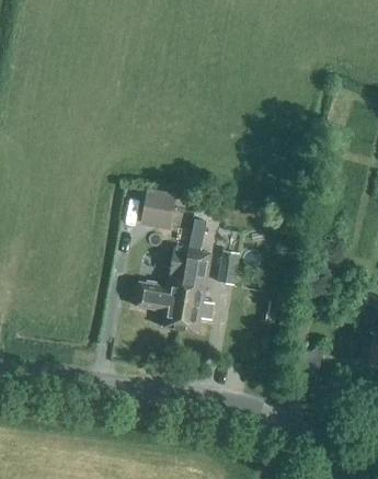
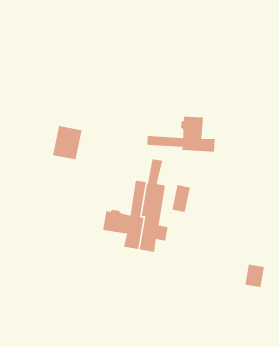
building: none -> [146,116,216,152]
building: [141,187,177,229] -> [52,125,83,160]

